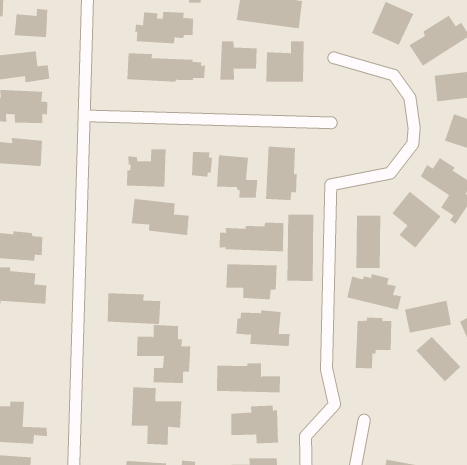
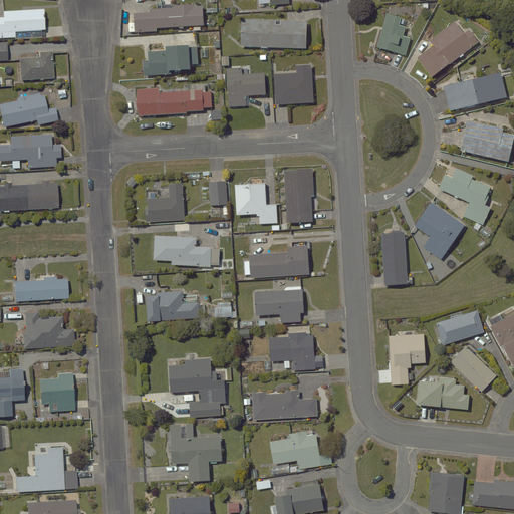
building: [287,214,314,282] -> none
building: [347,274,402,310] -> [416,374,471,409]
building: [107,293,161,325] -> [146,291,201,322]
building: none -> [37,370,76,414]

